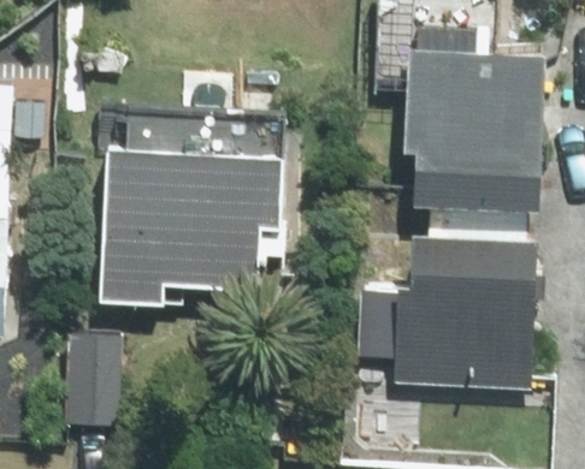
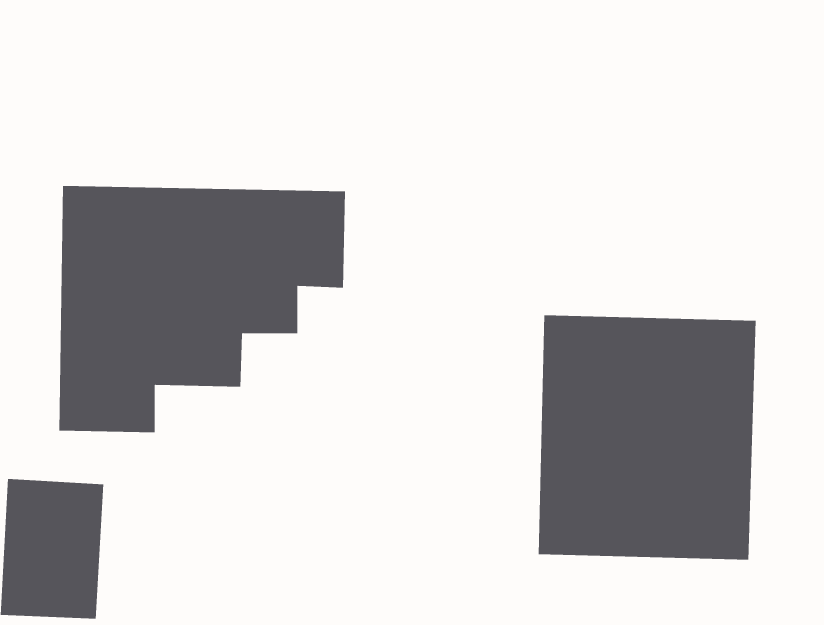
building: [400,52,538,179] -> none

